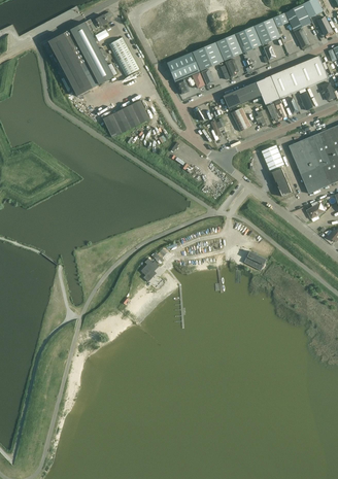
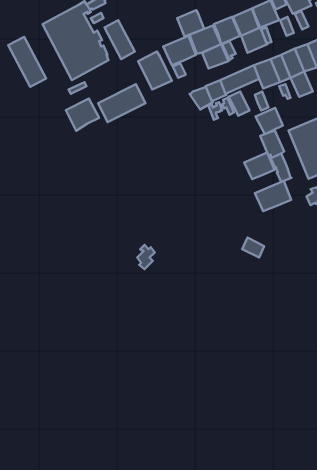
building: none -> [177,10,204,36]
building: none -> [8,37,46,87]
building: none -> [138,51,172,90]
building: none -> [66,99,99,131]
building: none -> [255,108,283,134]
building: none -> [244,152,274,179]
building: none -> [255,181,291,211]

